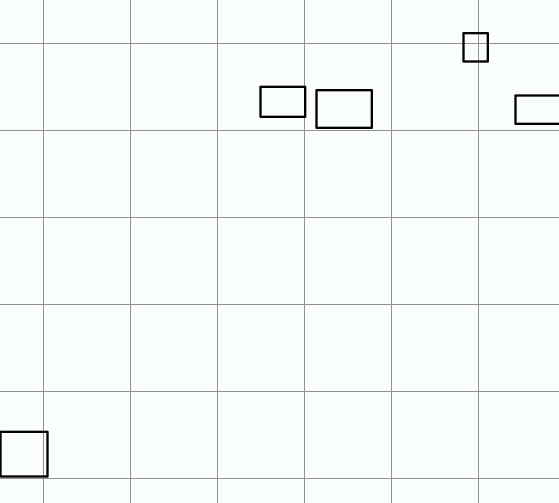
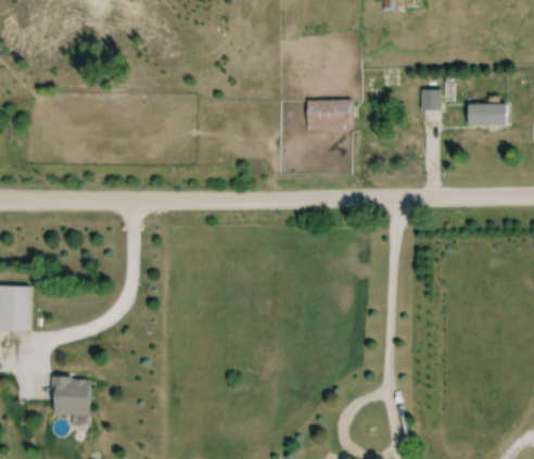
building: [464,33,488,62] -> [420,89,440,112]
building: [260,87,305,117] -> none

